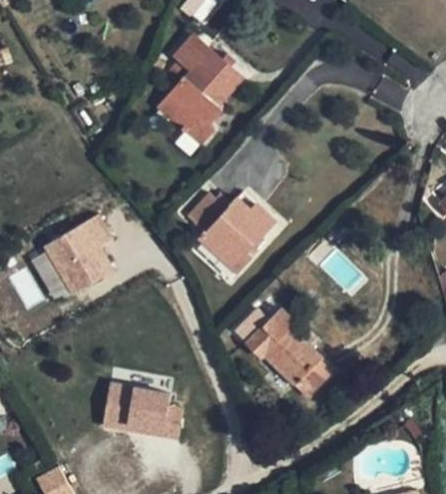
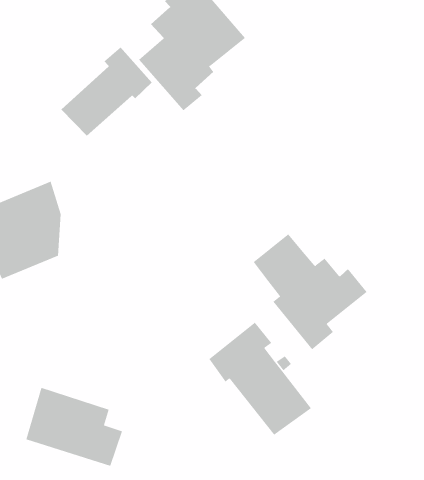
building: none -> [60,46,152,136]
building: [178,180,275,273] -> [253,233,367,350]

